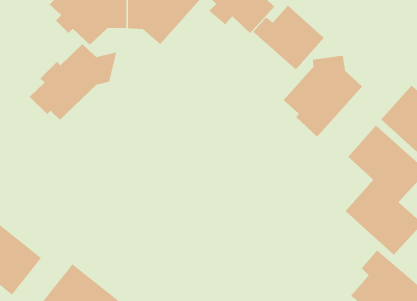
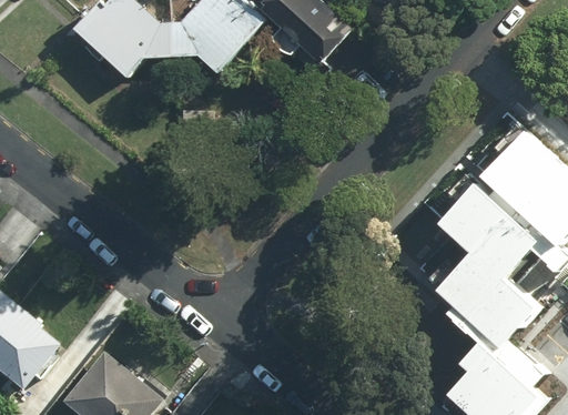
building: [252,5,324,70] -> none
building: [29,44,117,121] -> none
building: [283,55,363,138] -> none

